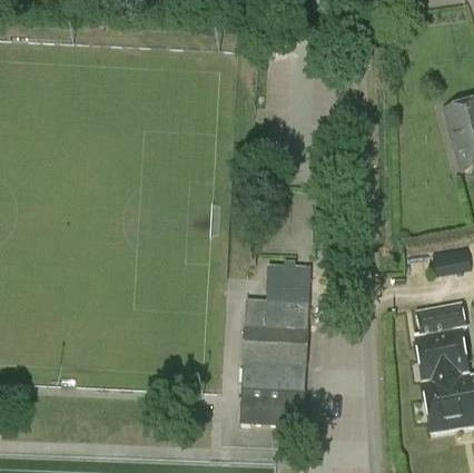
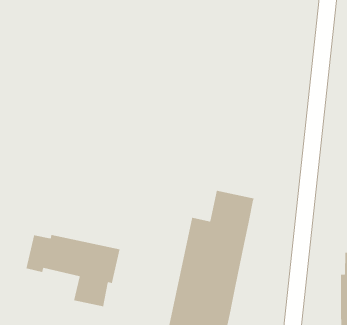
building: none -> [26,234,120,307]

